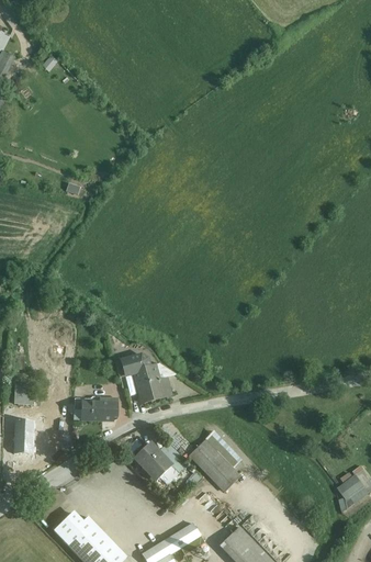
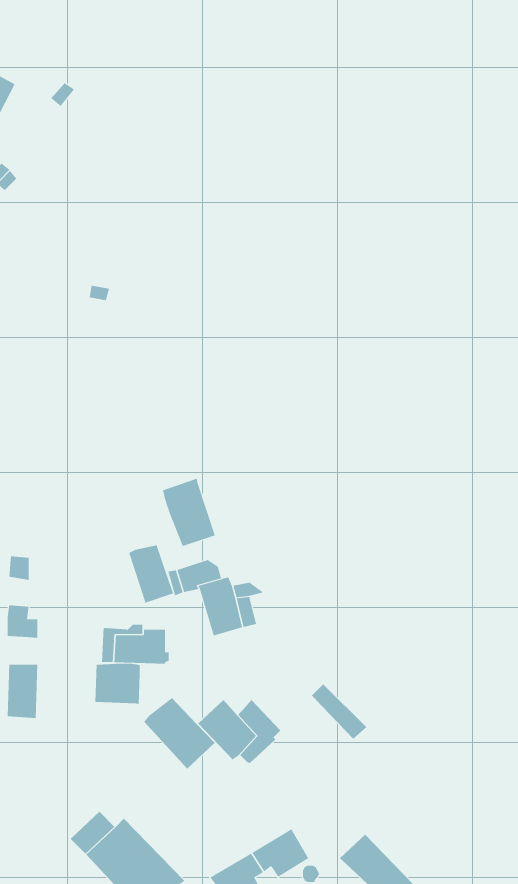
building: none -> [162,478,216,547]
building: none -> [129,544,174,603]
building: none -> [95,663,140,705]
building: none -> [143,697,216,769]
building: [192,442,238,491] -> none

